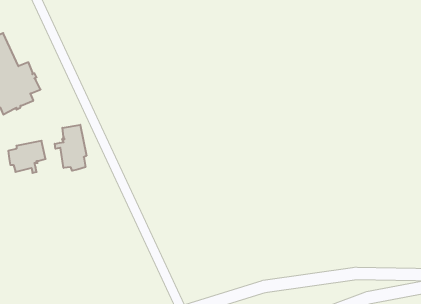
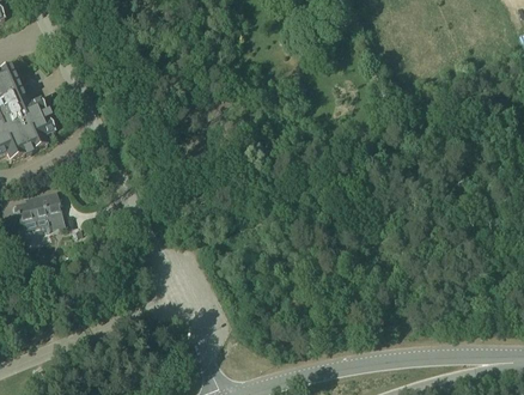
building: [55,125,86,171] -> none

